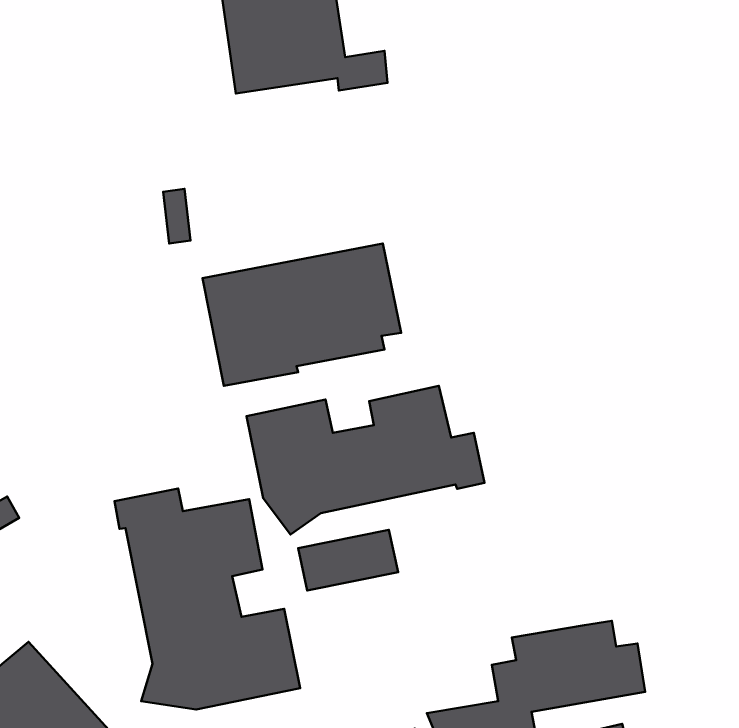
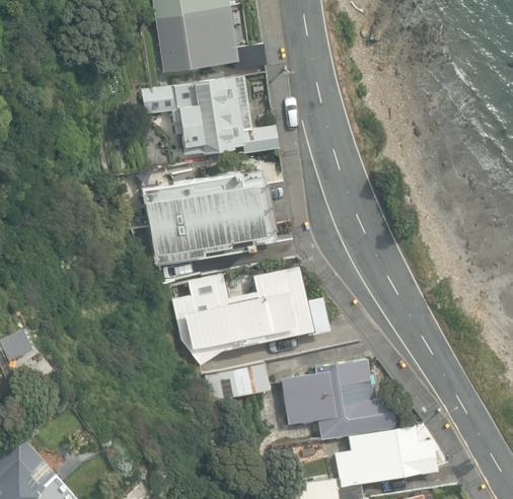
building: none -> [143,77,279,155]
building: [114,488,300,710] -> none
building: none -> [283,358,396,439]

